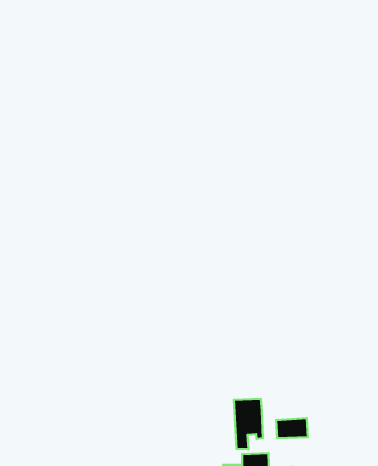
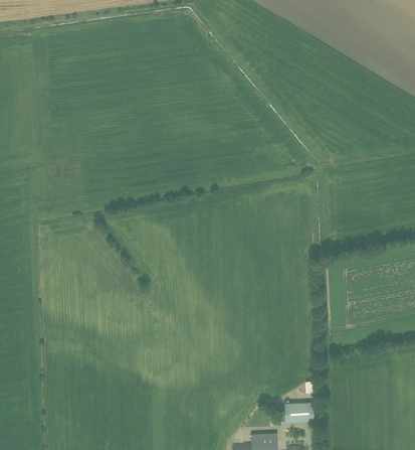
building: [234,399,263,449] -> none

